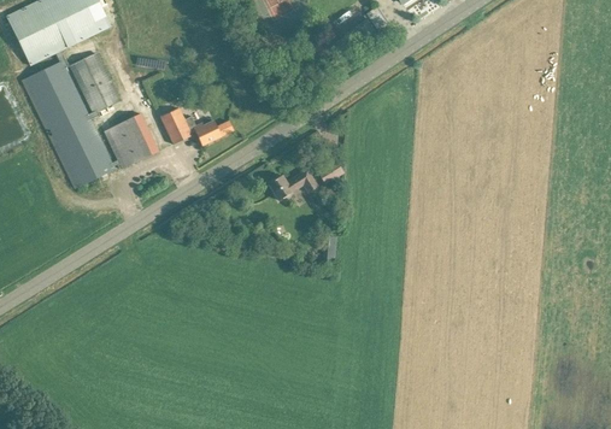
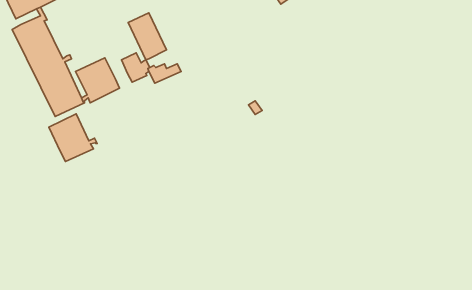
building: [70,53,117,111] -> [128,13,166,60]
building: [266,169,316,199] -> none
building: none -> [49,114,97,162]

